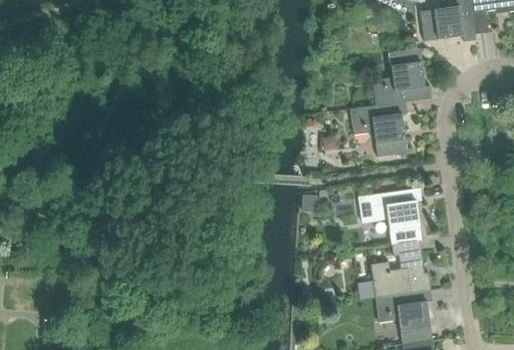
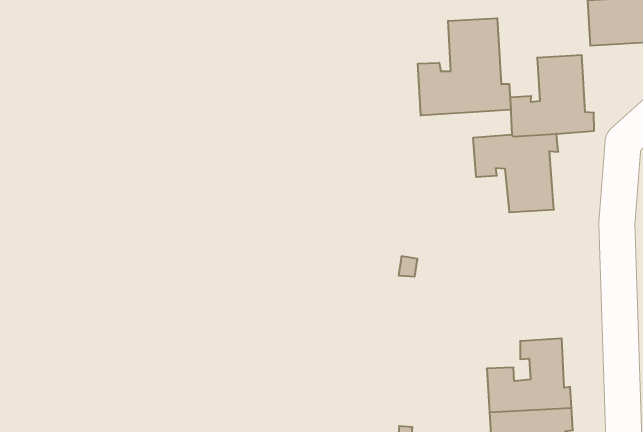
building: none -> [418,18,511,116]
building: [357,188,422,244] -> none

